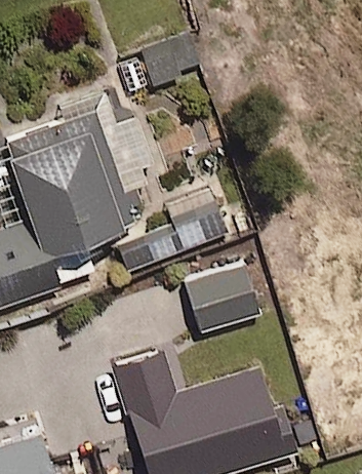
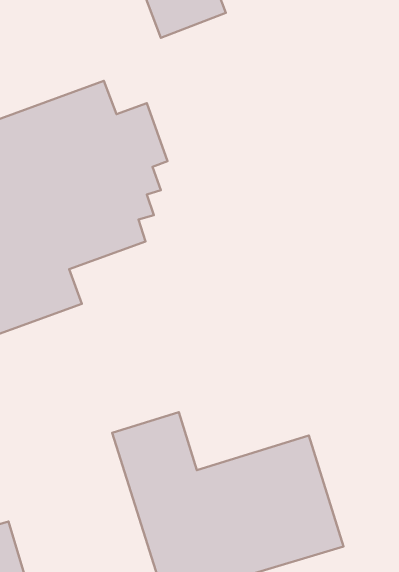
building: [117,192,232,276] -> none
building: [182,255,255,324] -> none

